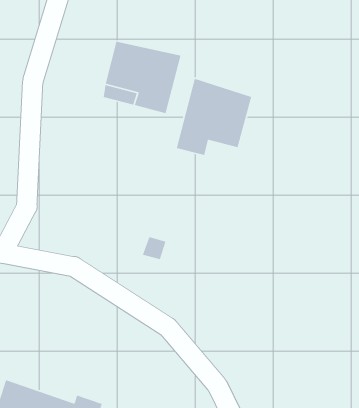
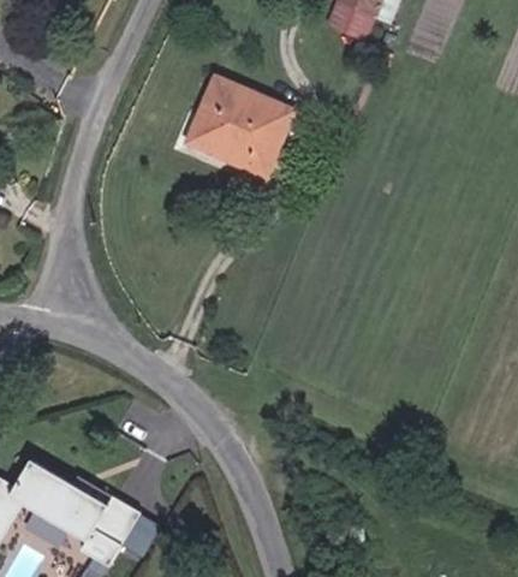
building: [176,78,252,156] -> none

